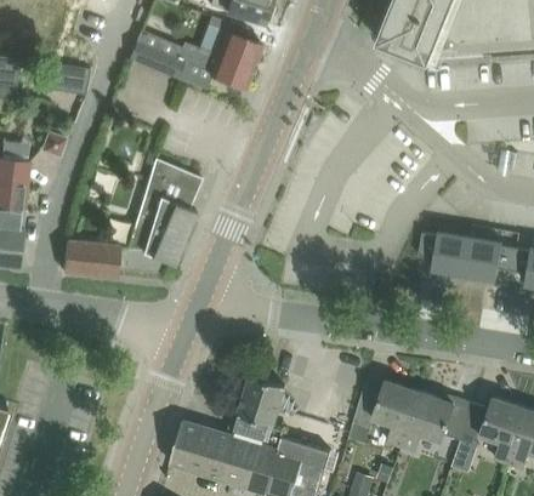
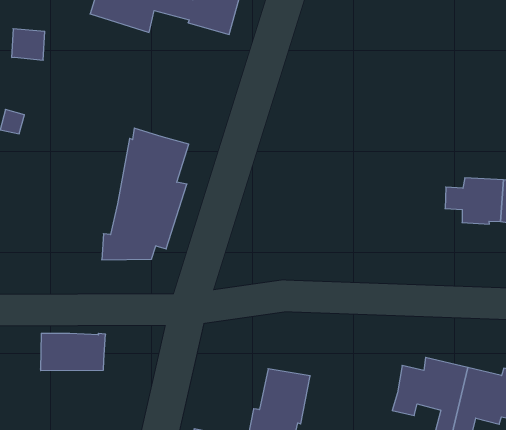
building: [63,243,121,279] -> [40,333,106,371]

